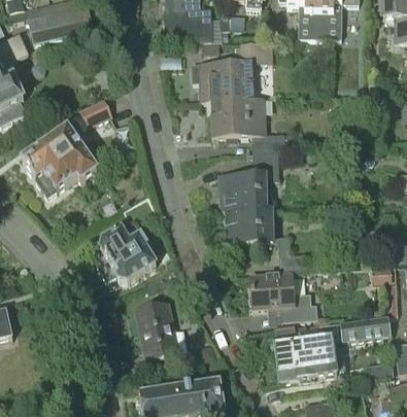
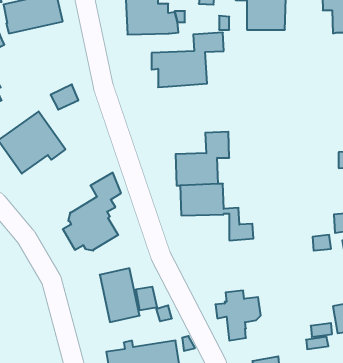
building: [211,96,285,151] -> none
building: [250,273,317,320] -> none
building: [297,317,392,379] -> none

